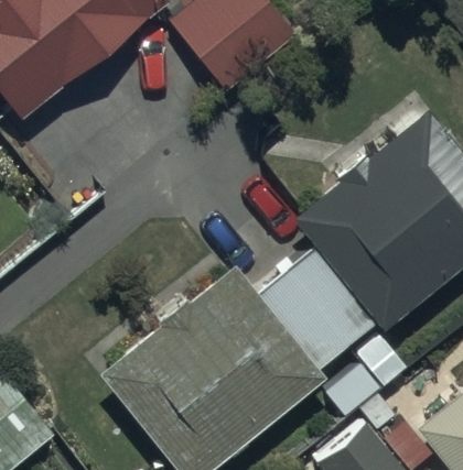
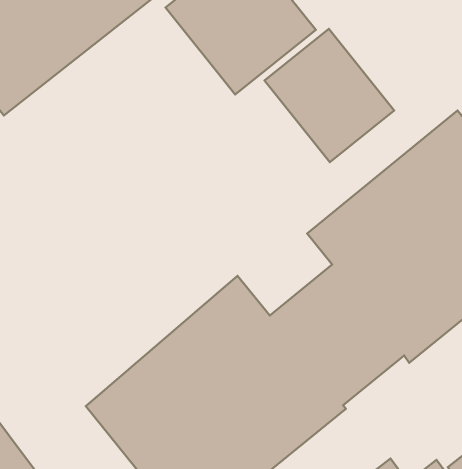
building: none -> [264,29,394,162]

